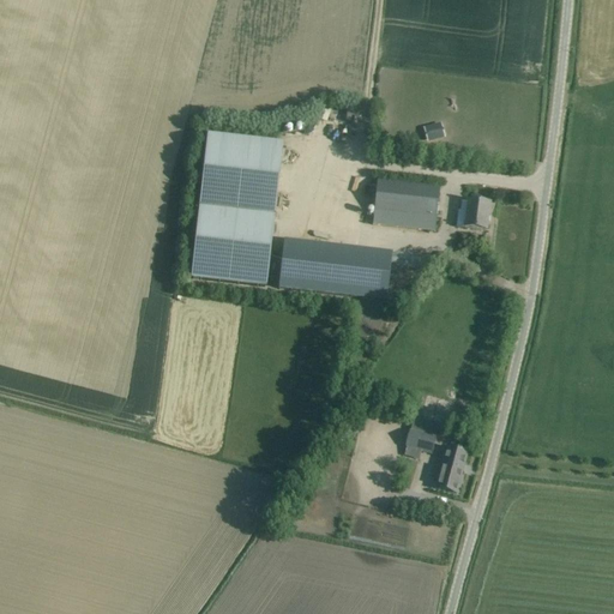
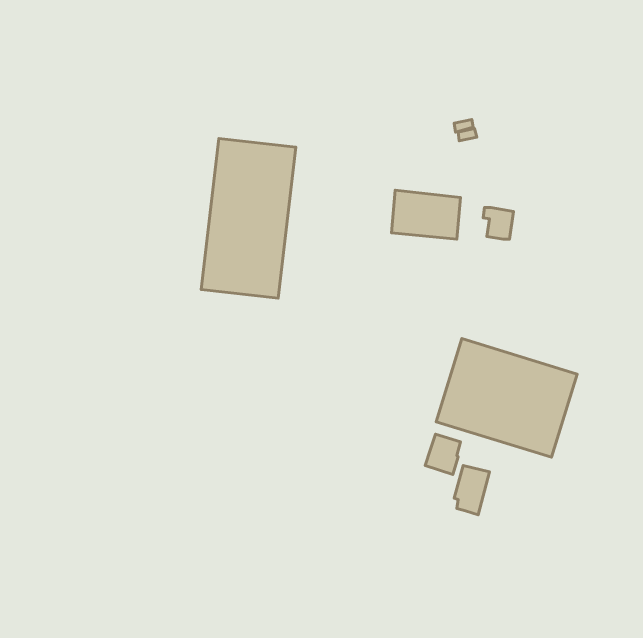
building: [278,237,433,297] -> none
building: none -> [436,339,577,457]

